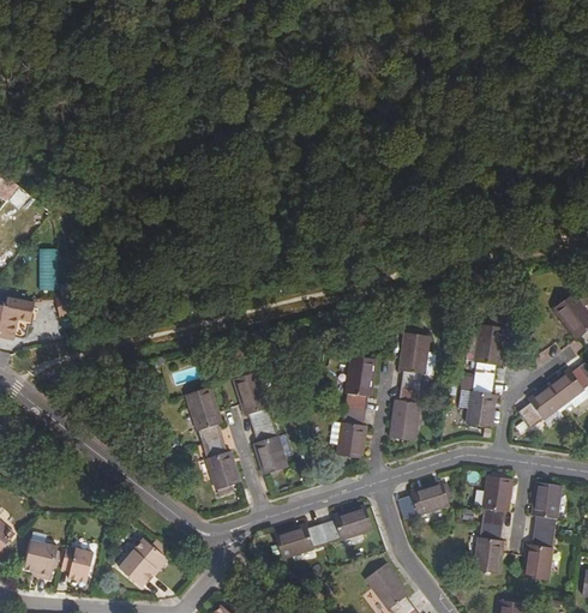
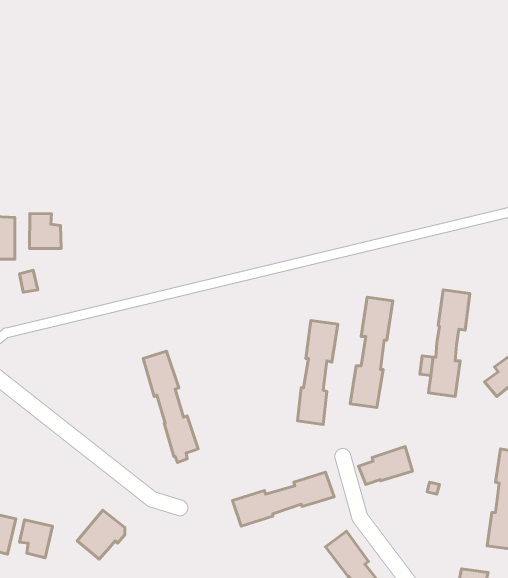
building: none -> [29,214,61,248]
building: [233,368,287,473] -> none
building: [473,474,512,571] -> none

